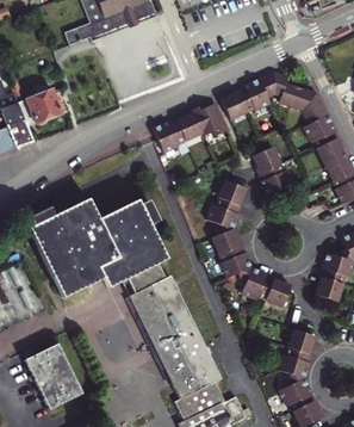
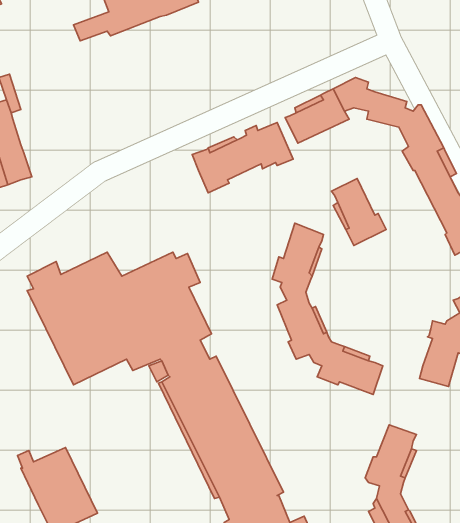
building: [17,91,66,126] -> none

